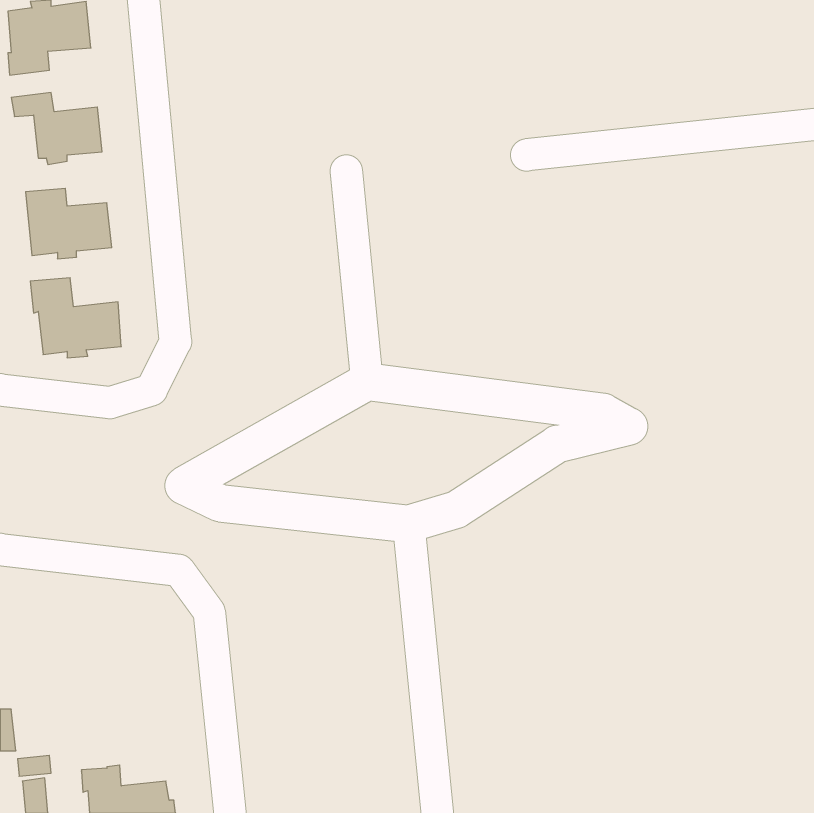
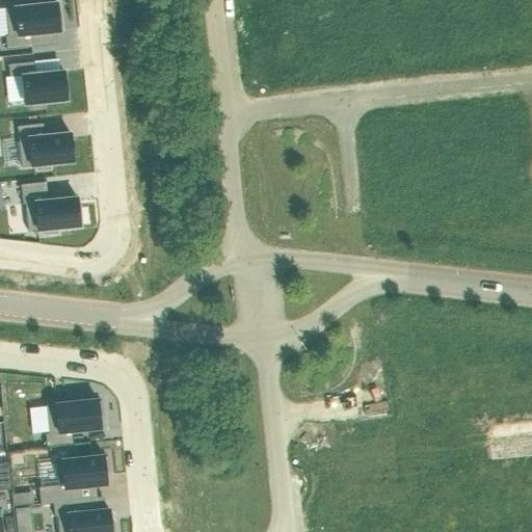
building: none -> [46,398,104,446]
building: none -> [39,454,109,503]

